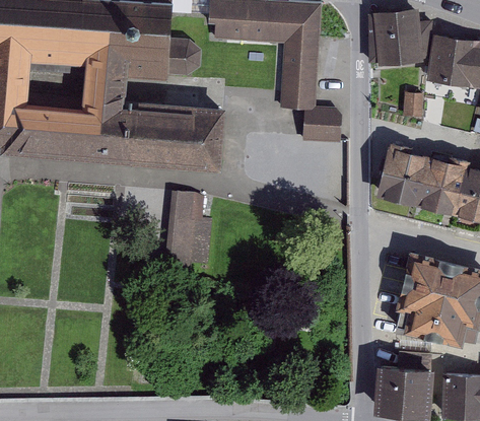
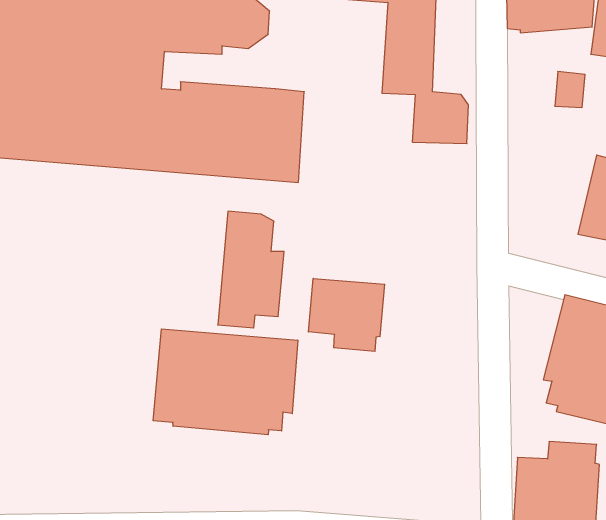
building: [375,143,431,208] -> none
building: none -> [308,278,385,351]
building: none -> [153,329,298,435]

